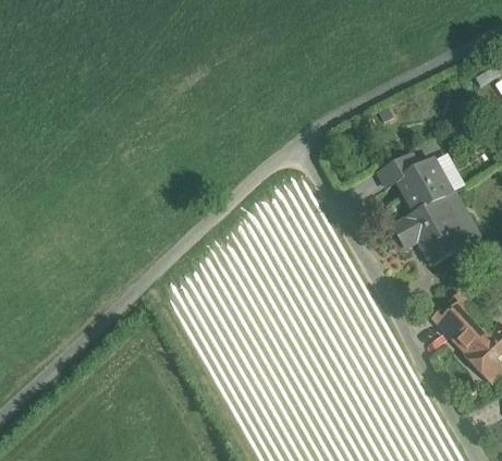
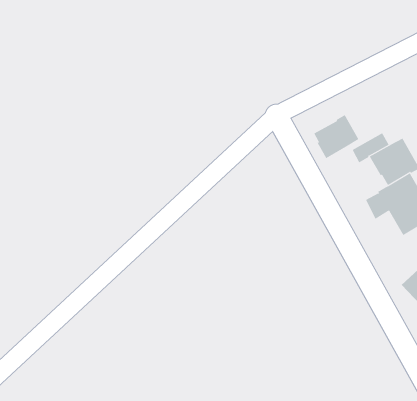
building: none -> [314,114,359,159]

